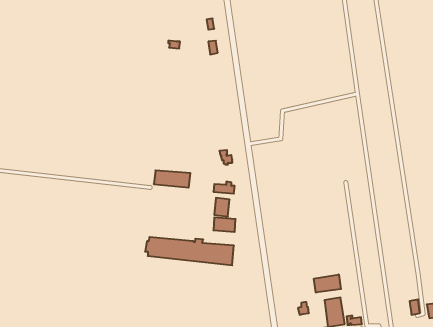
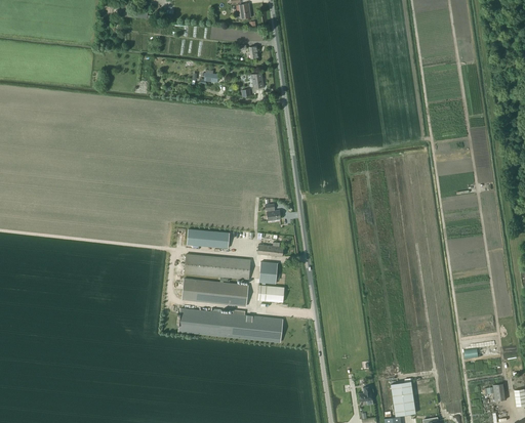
building: none -> [185,254,250,279]
building: none -> [181,279,248,306]
building: [314,274,341,293] -> none

